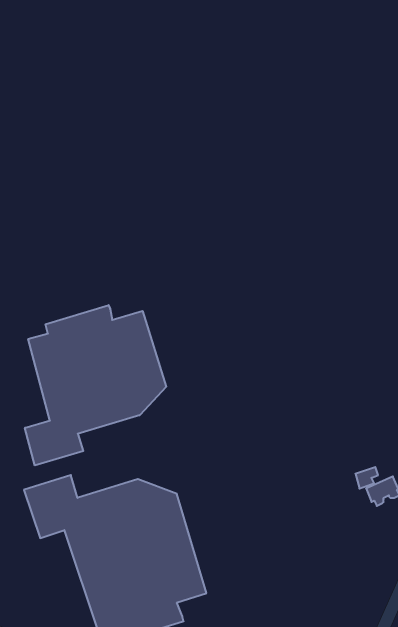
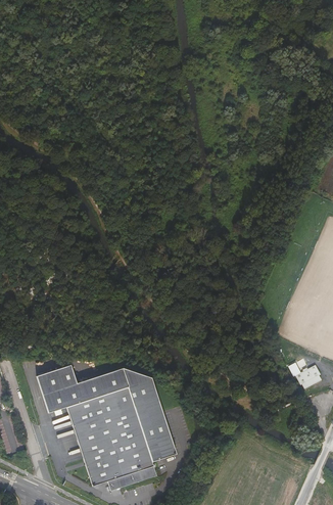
building: [25,305,166,465] -> none

